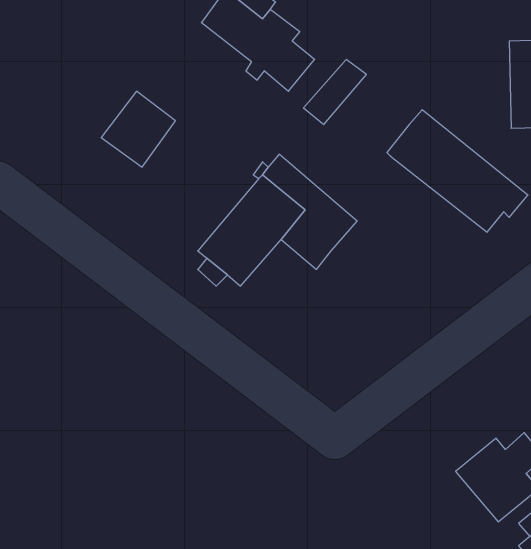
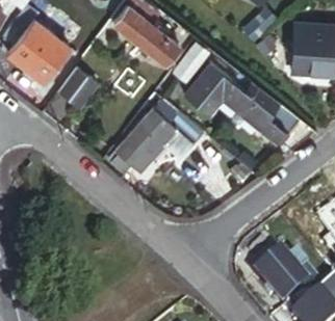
building: none -> [9,20,69,78]
building: none -> [186,63,233,114]

